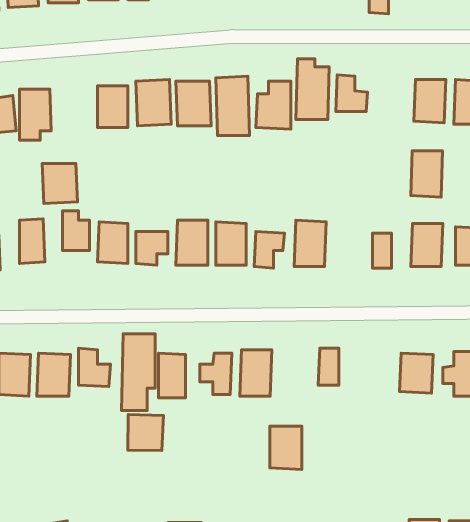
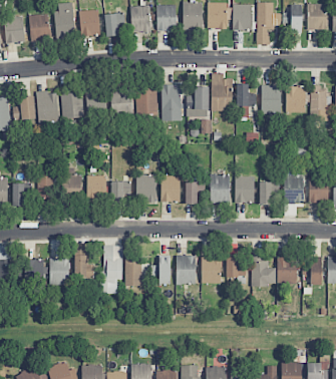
building: [411,151,443,197] -> [262,85,282,114]
building: [42,164,77,204] -> [62,93,84,118]
building: none -> [236,176,255,204]
building: none -> [252,257,277,286]
building: [128,415,164,451] -> none
building: [270,426,302,469] -> [202,257,222,284]

